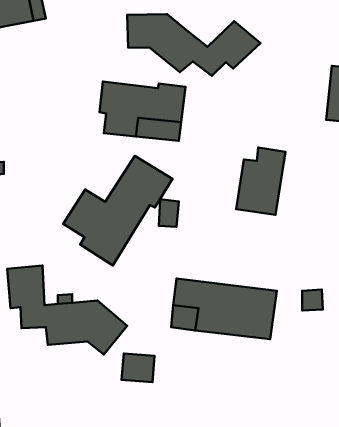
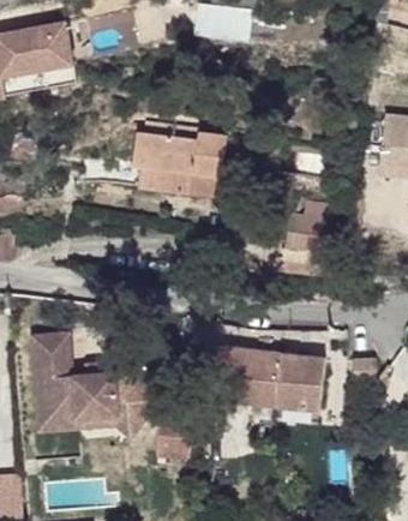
building: [127,14,261,76] -> none
building: [63,156,173,265] -> none
building: none -> [35,377,137,436]

